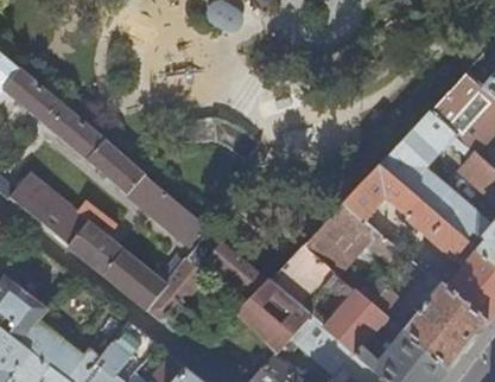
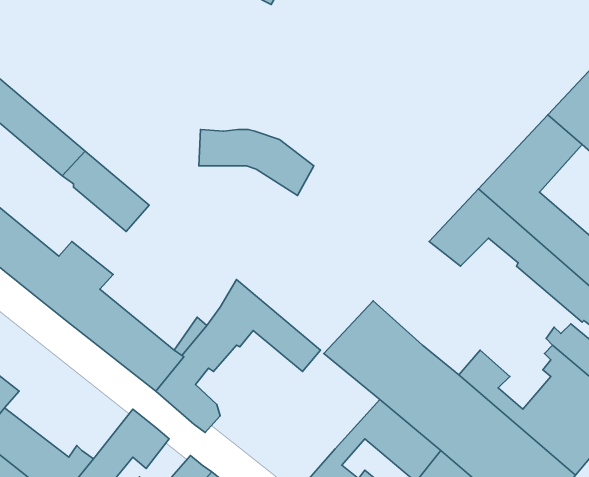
building: [126,176,205,249] -> none
building: [304,202,426,282] -> none
building: [236,280,309,351] -> none

